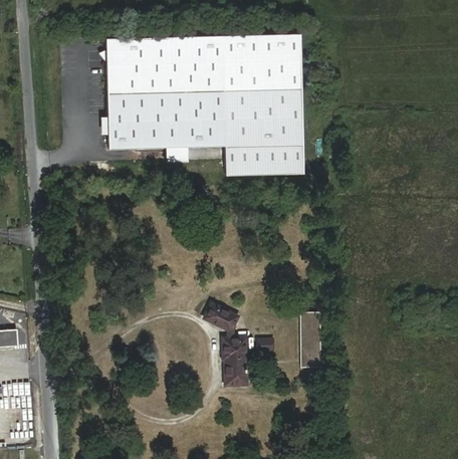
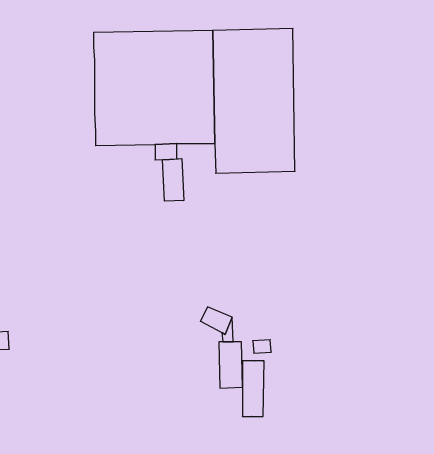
building: none -> [163,159,184,201]
building: [304,314,325,369] -> [242,361,264,416]

